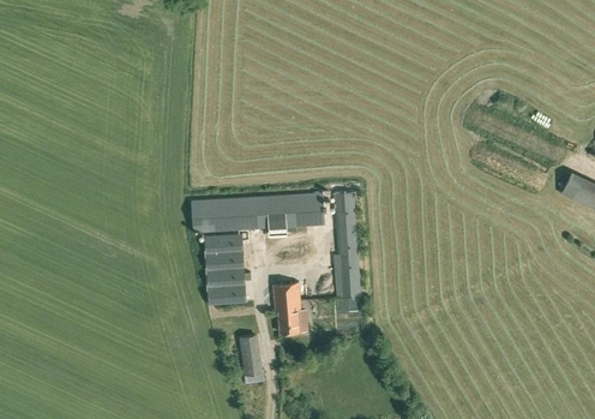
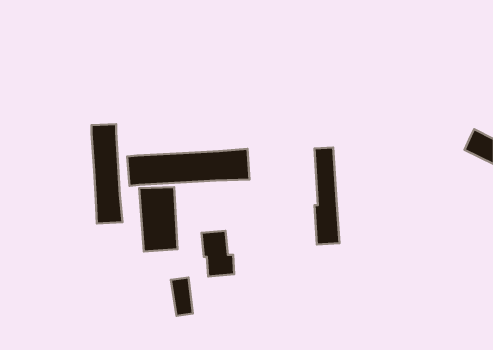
building: none -> [91,124,122,224]
building: [333,191,361,298] -> [315,147,340,244]

